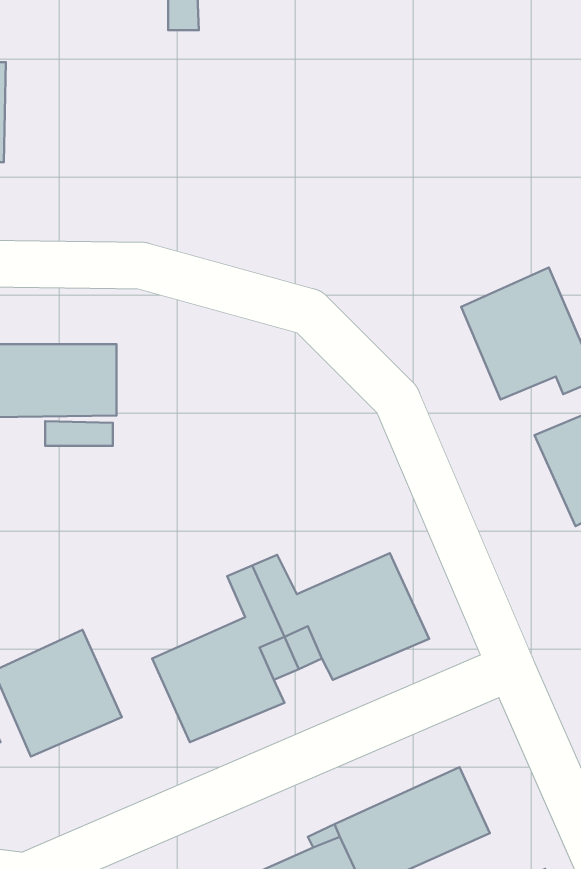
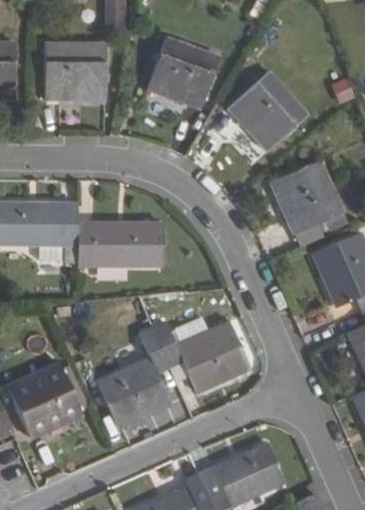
building: none -> [148,39,219,109]
building: none -> [45,44,107,101]
building: none -> [220,75,297,151]
building: none -> [77,222,161,267]

